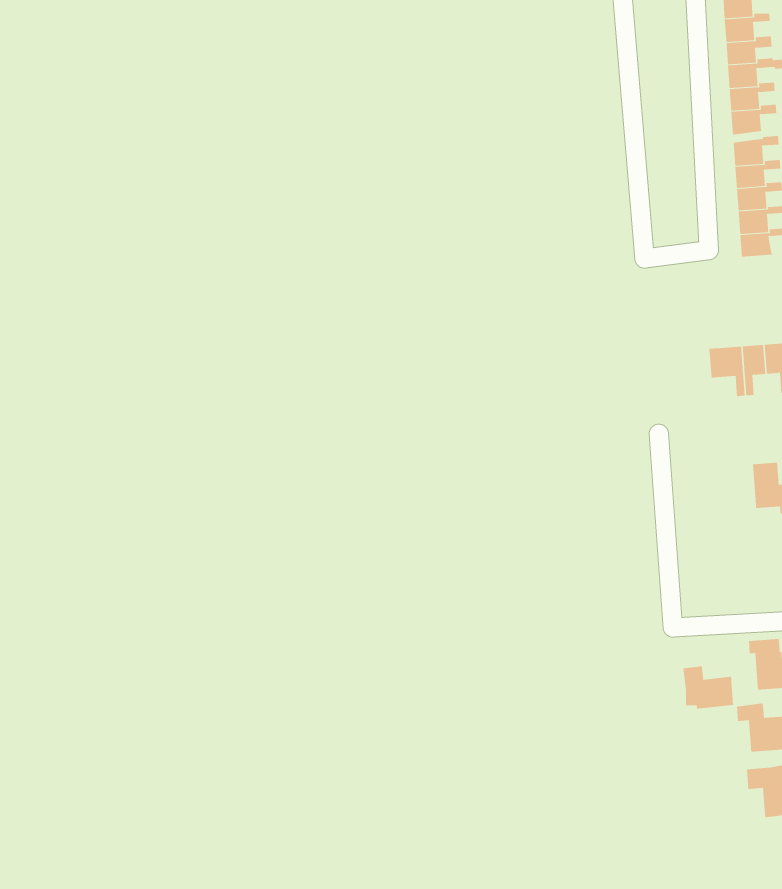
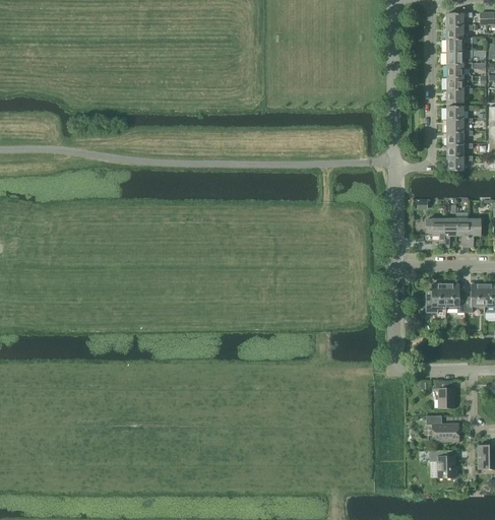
building: none -> [426,283,445,312]
building: [683,665,733,710] -> none

